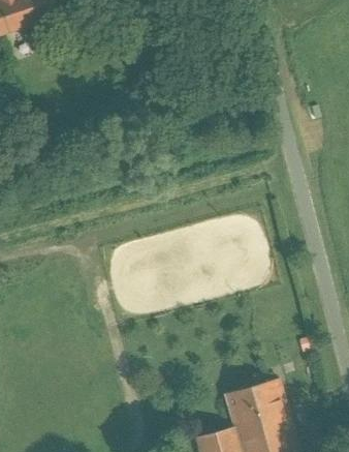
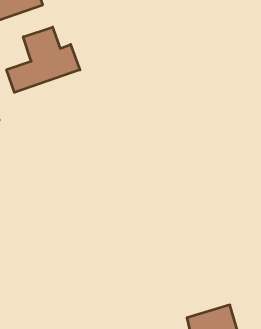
building: none -> [7,27,80,92]

